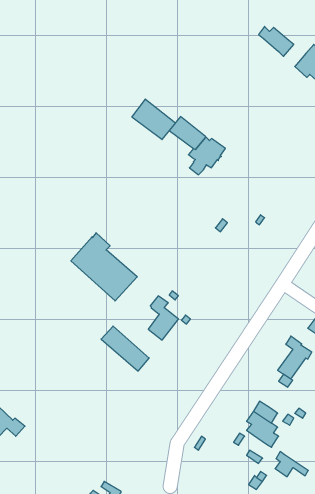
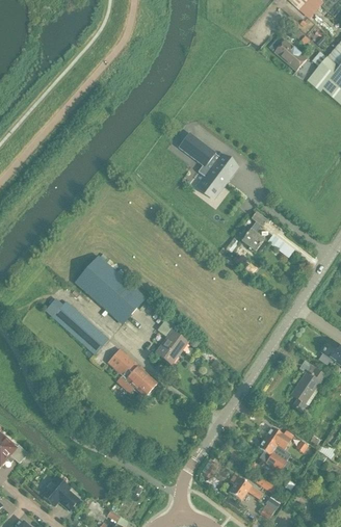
building: [132,99,175,140] -> none
building: none -> [240,211,265,252]
building: none -> [44,298,107,354]
building: none -> [40,476,77,510]
building: [275,452,308,477] -> [228,474,262,500]

